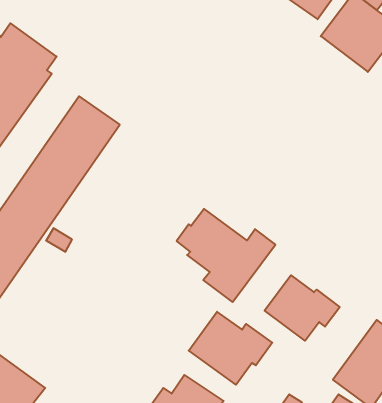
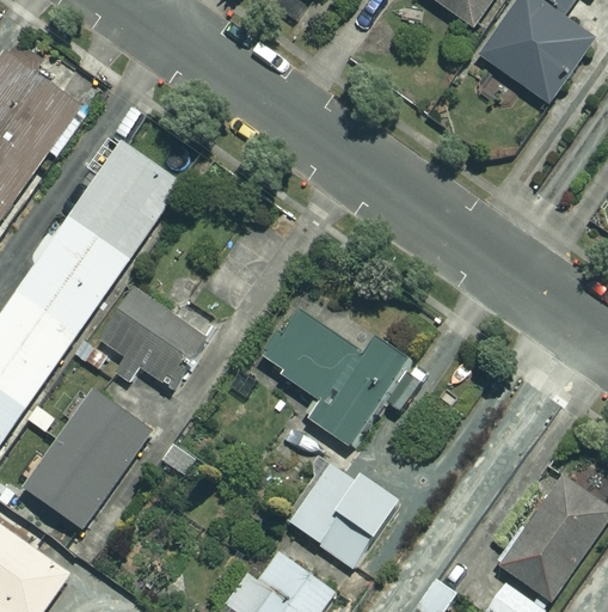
building: none -> [102,289,202,386]
building: none -> [25,388,149,526]
building: [265,275,340,341] -> none

